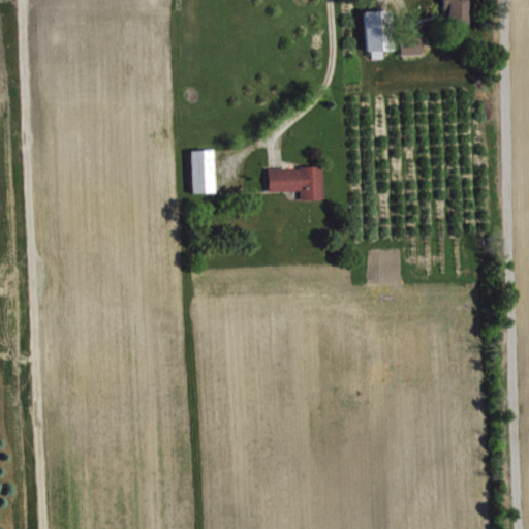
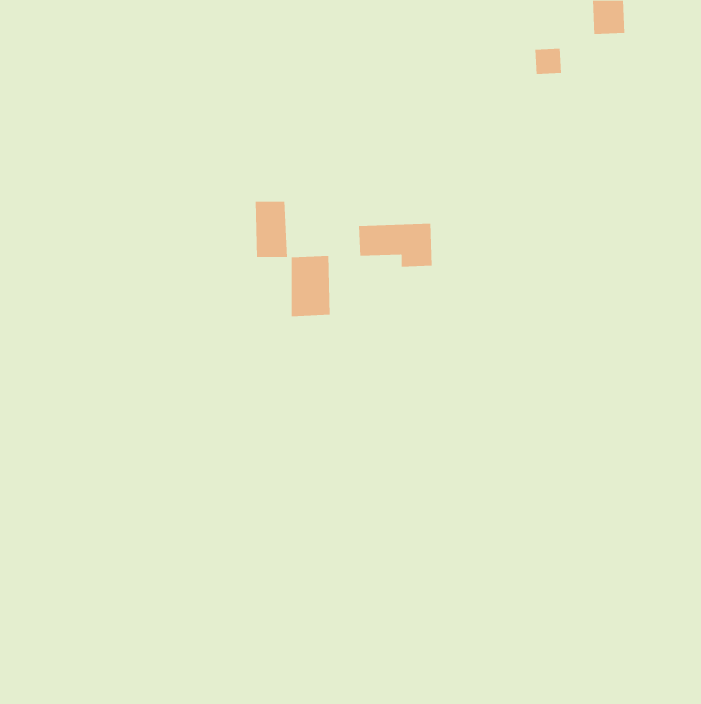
building: [365,10,391,53] -> none
building: none -> [291,255,330,317]

